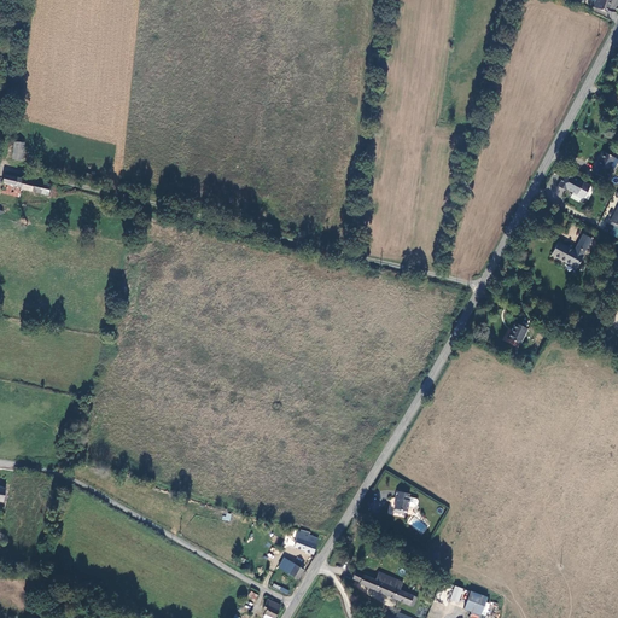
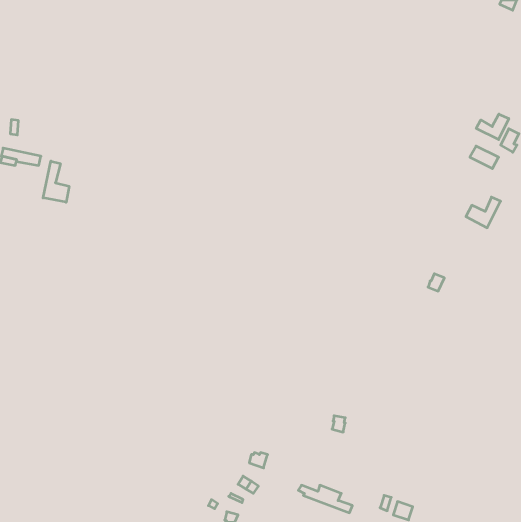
building: none -> [476,114,509,140]
building: none -> [43,161,69,202]

